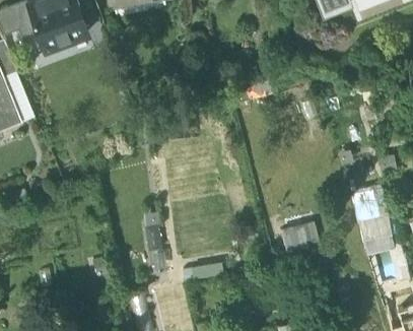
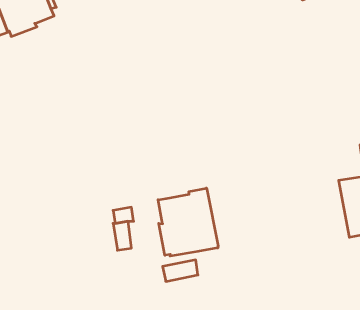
building: none -> [158,188,218,256]
building: [280,219,320,251] -> none

